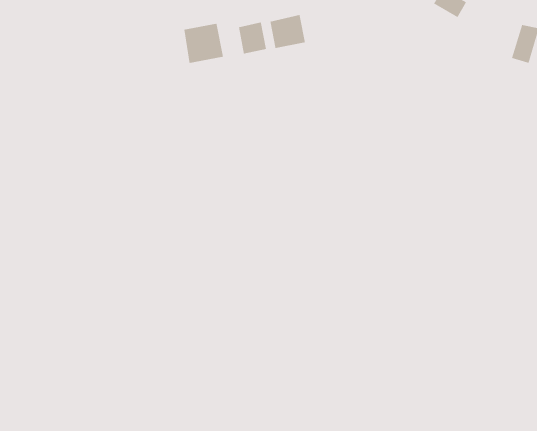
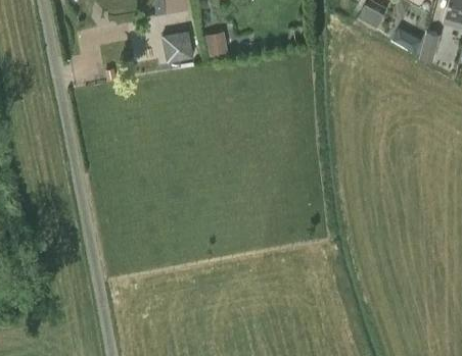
building: [270,14,306,49] -> none

